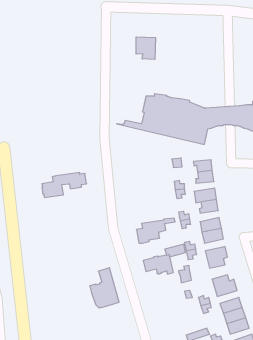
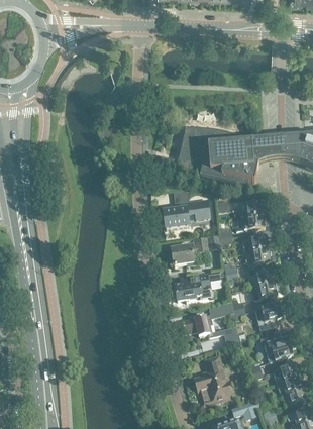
building: [136,37,156,59] -> none
building: [42,172,87,197] -> [164,198,216,227]
building: none -> [170,235,209,264]
building: [90,268,119,307] -> [196,355,230,402]

